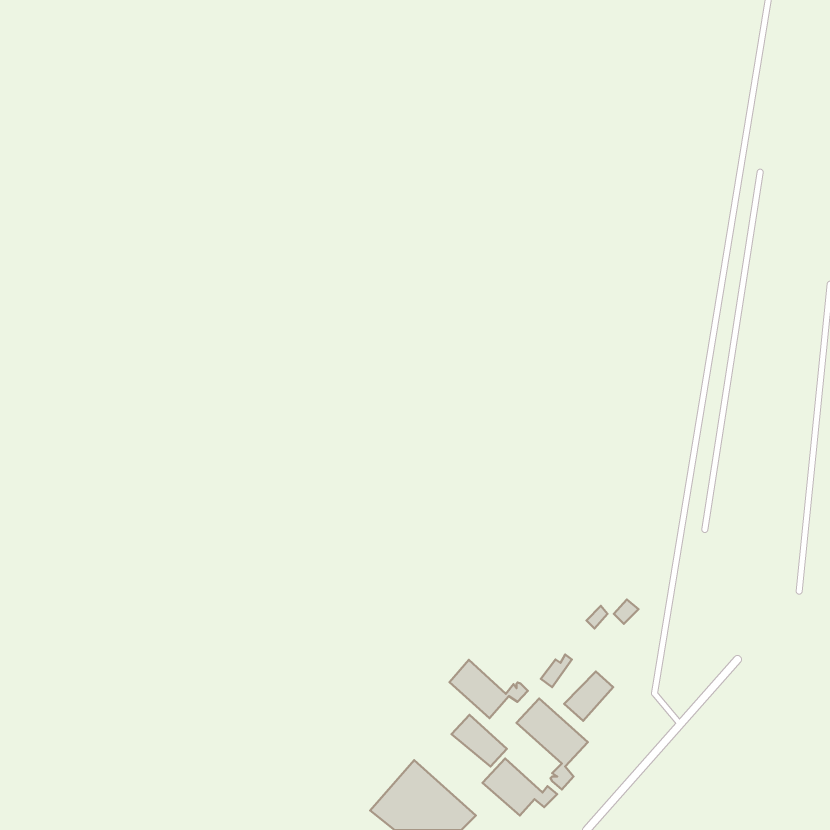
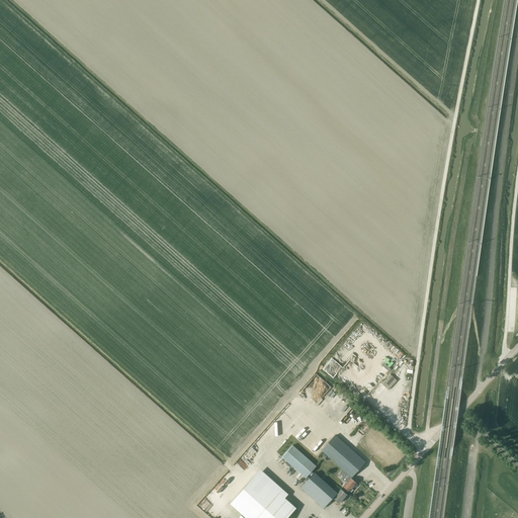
building: [450,660,528,718] -> none
building: [564,672,613,721] -> none

